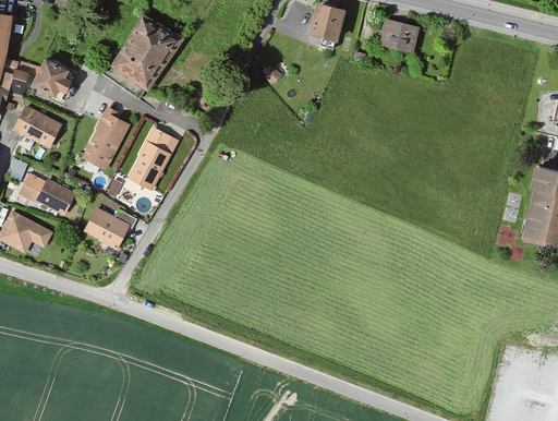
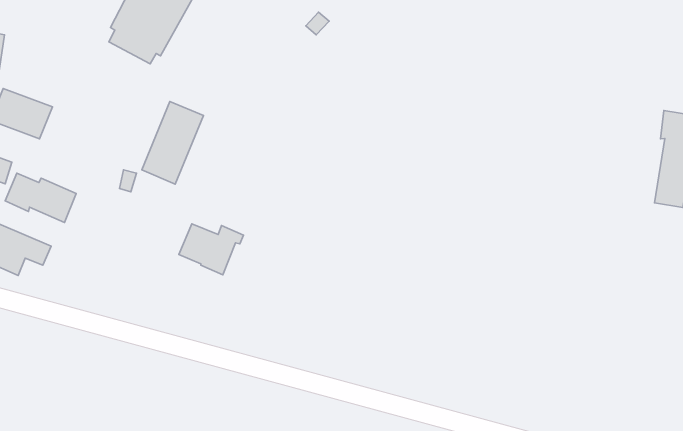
building: [32,58,71,96] -> none
building: [81,110,131,170] -> none
building: [84,207,135,249] -> [179,224,243,275]

